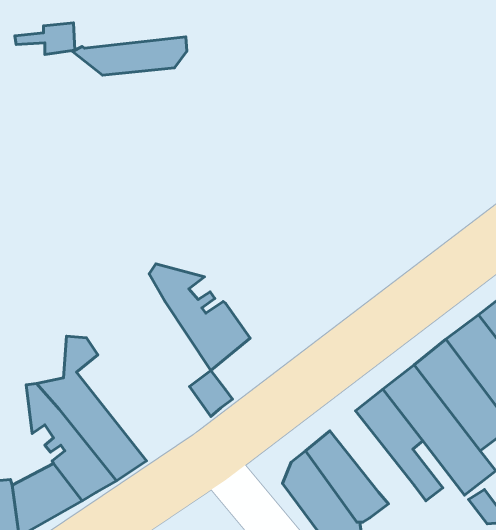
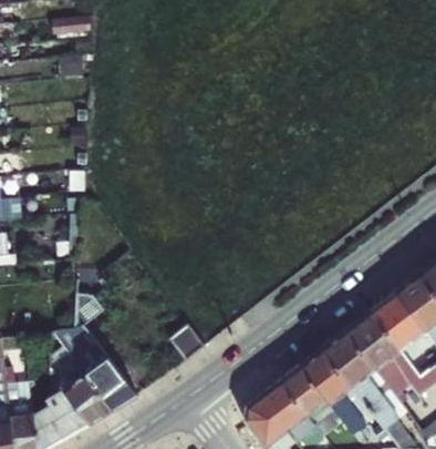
building: [72,37,187,75] -> none
building: [149,264,250,371] -> none
building: none -> [280,355,345,427]

